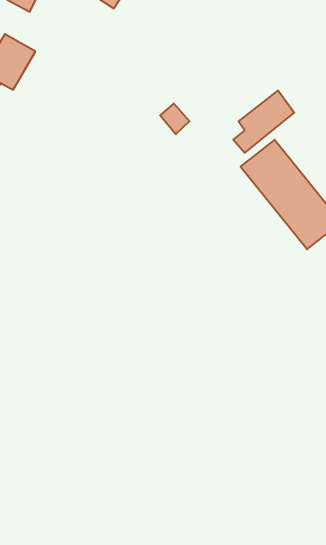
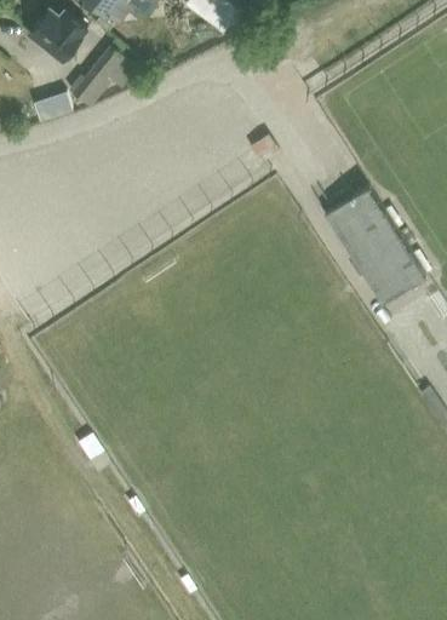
building: [233,90,294,153] -> none

